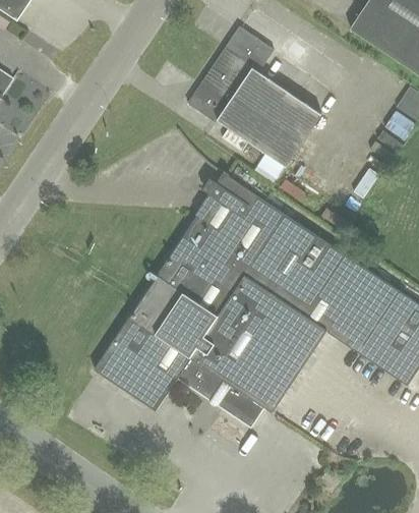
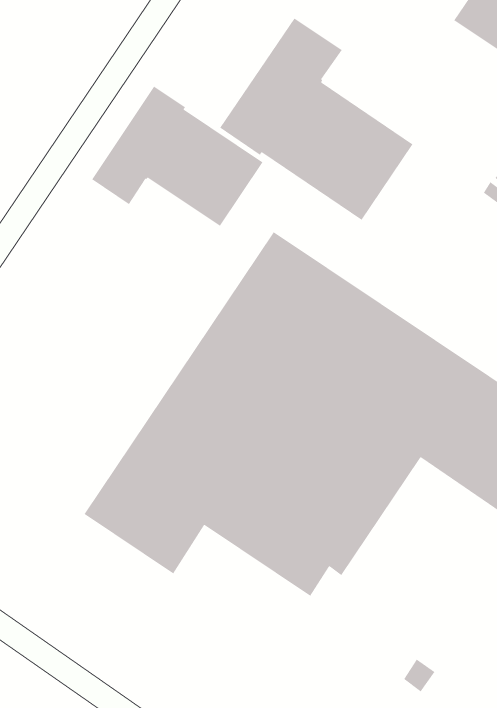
building: none -> [91,85,263,227]

